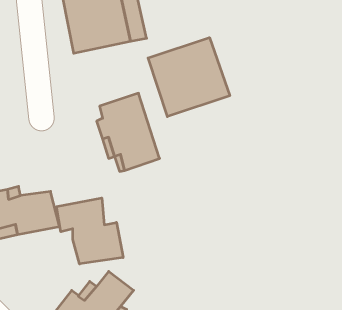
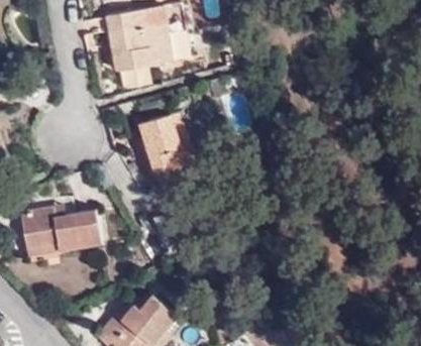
building: [148,38,230,117] -> none
building: [57,198,123,264] -> none

